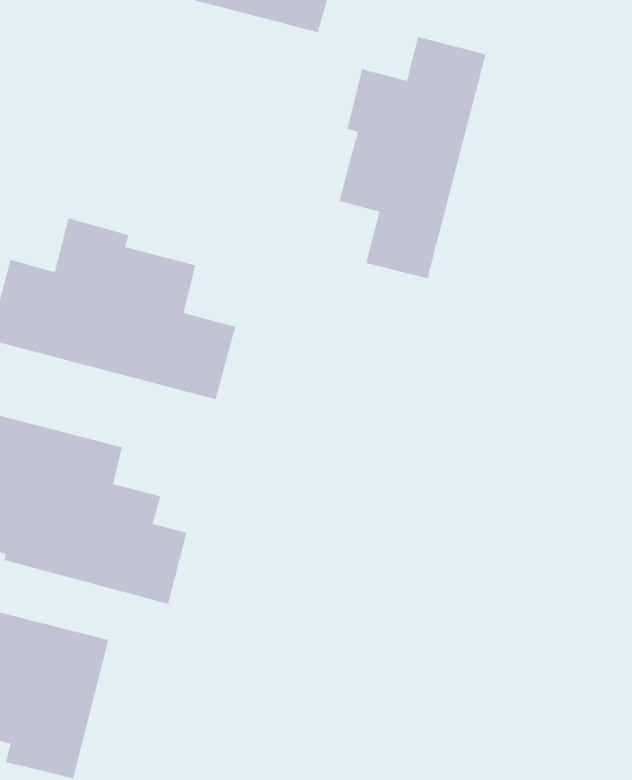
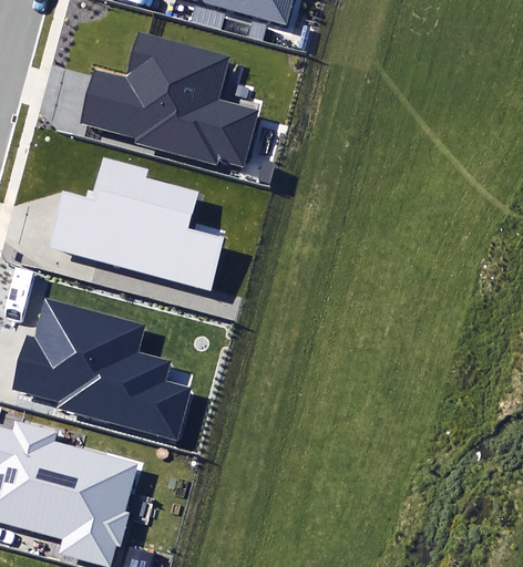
building: [339,36,486,279] -> none
building: none -> [80,34,258,165]

